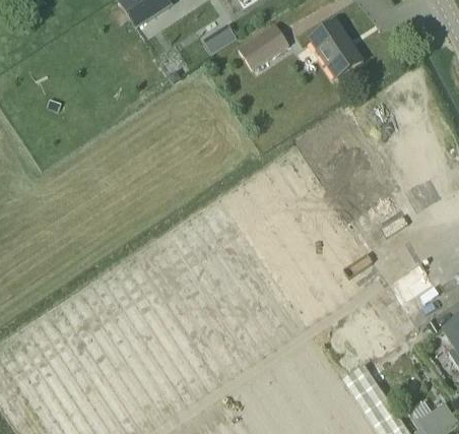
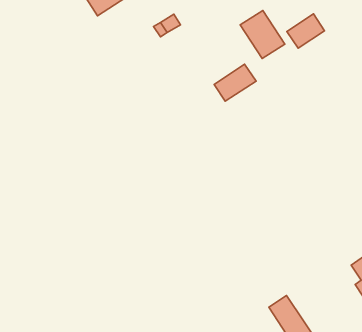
building: none -> [287,14,325,48]
building: [239,23,289,68] -> [214,64,256,101]

